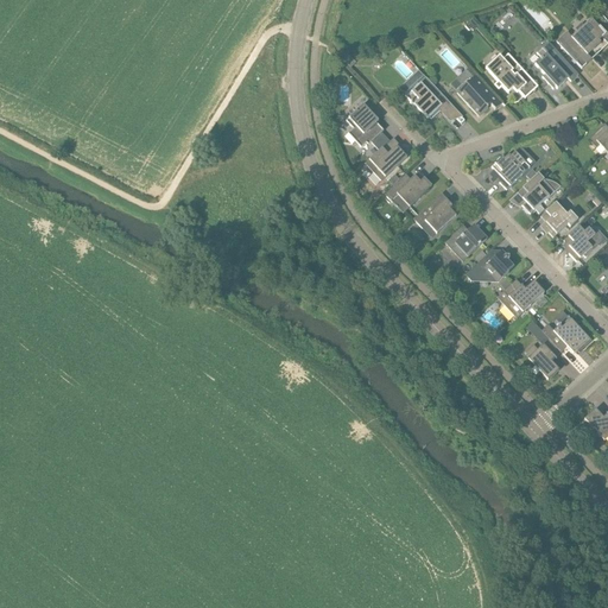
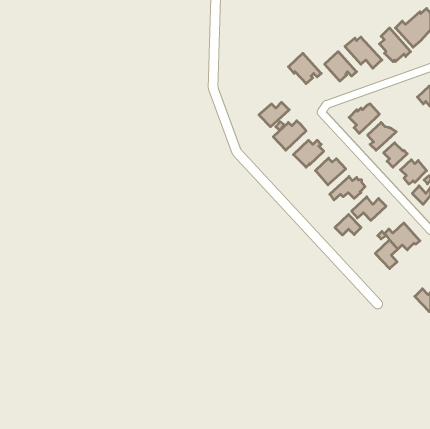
building: [347,102,385,145] -> none
building: none -> [335,214,361,235]

